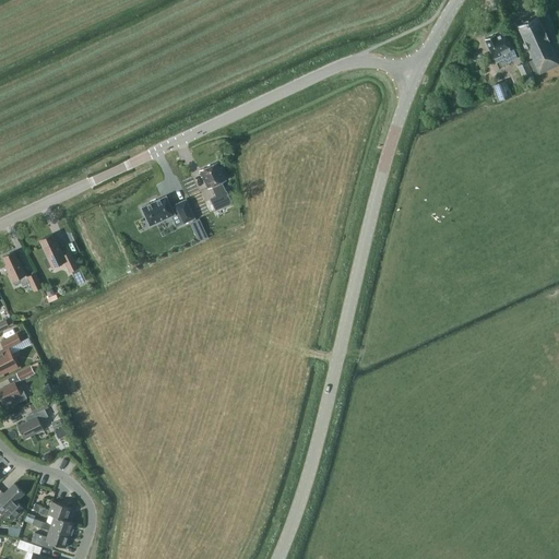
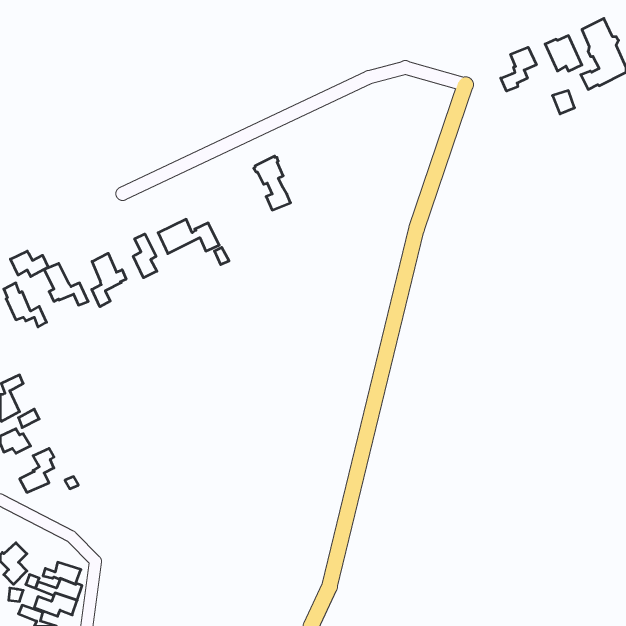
building: none -> [501,47,536,91]
building: [200,162,233,210] -> [254,156,291,210]
building: none -> [133,234,157,278]
building: none -> [10,251,48,277]
building: none -> [92,253,126,307]

